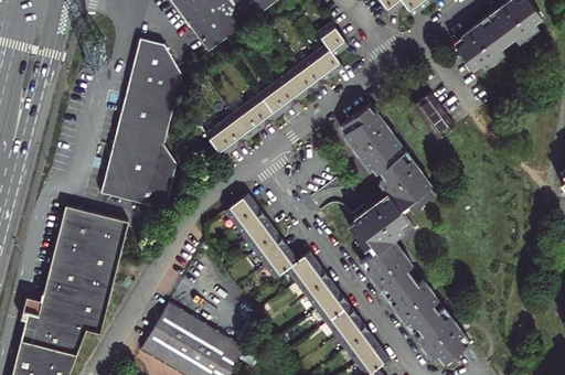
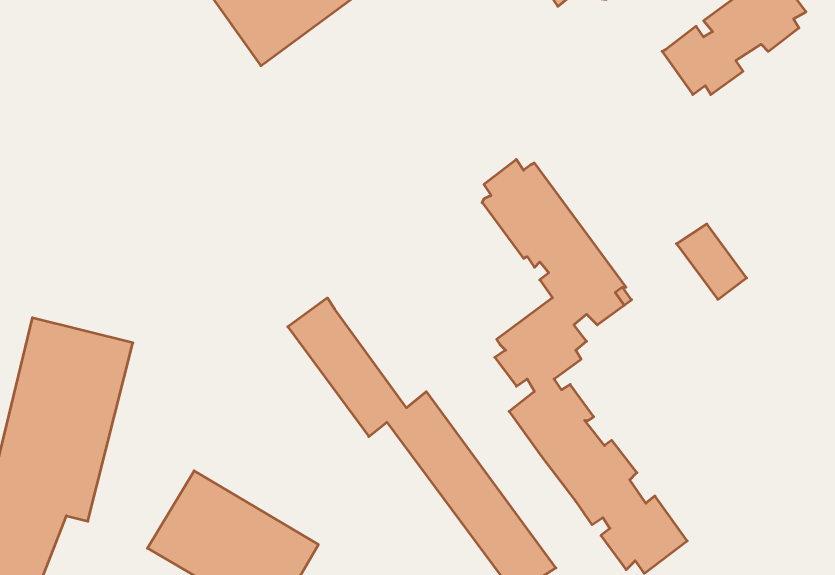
building: [203,22,347,163] -> none
building: [105,39,188,208] -> none
building: [411,94,454,140] -> [676,224,747,299]

